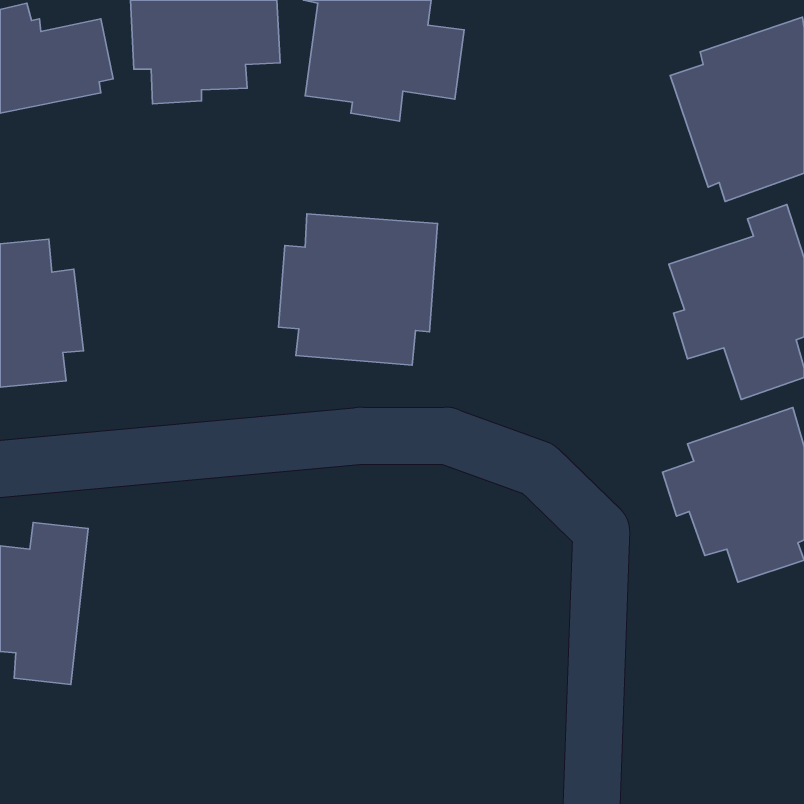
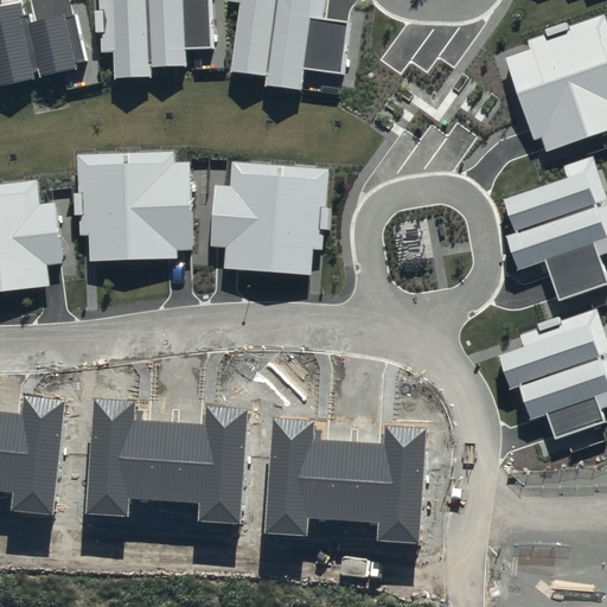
building: none -> [77,152,192,261]
building: none -> [85,398,245,522]
building: none -> [264,417,426,543]

